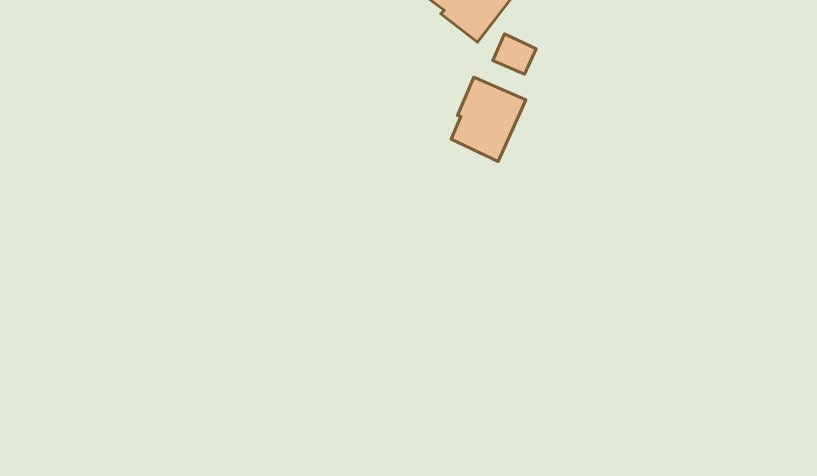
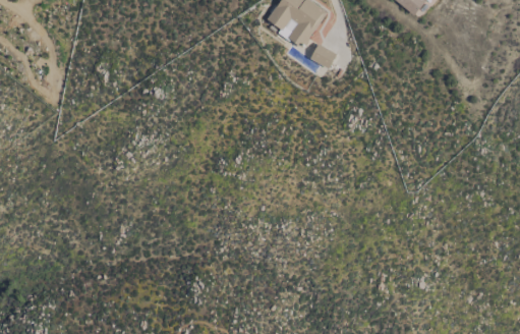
building: [451,77,526,162] -> none

